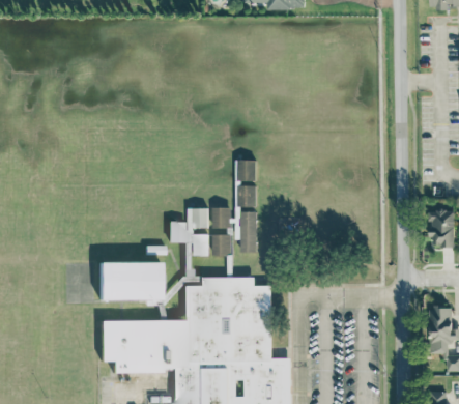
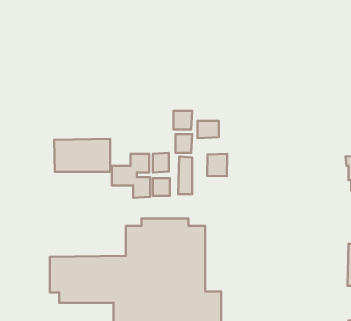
building: none -> [198,121,219,138]
building: none -> [207,154,227,176]
building: [97,263,160,299] -> [54,139,110,172]

